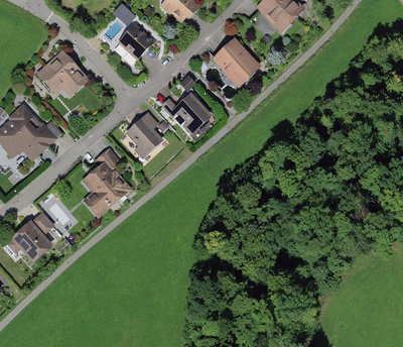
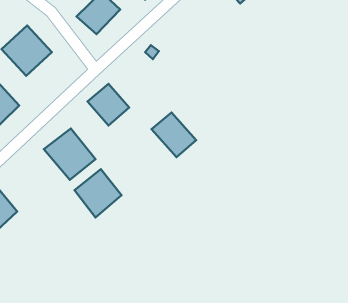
building: [211,34,261,86] -> none
building: [170,89,216,134] -> [152,112,196,157]
building: none -> [75,169,122,217]

